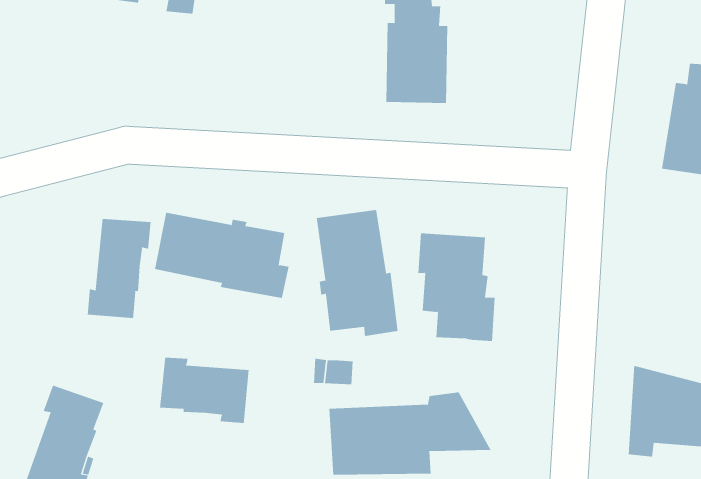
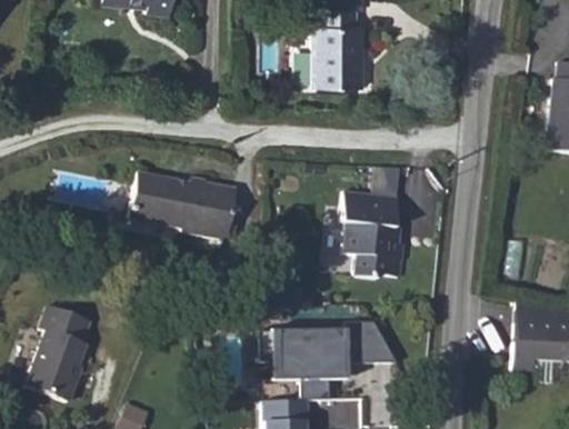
building: [316,209,398,337] -> none
building: [87,218,151,319] -> none
building: [160,357,249,424] -> none

